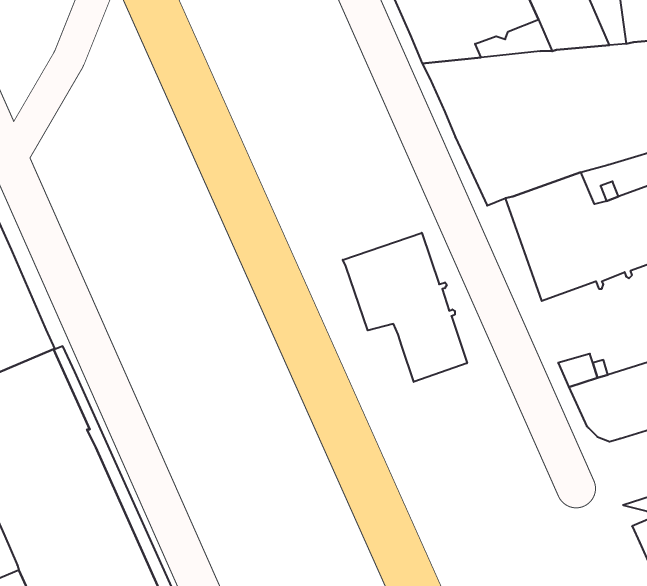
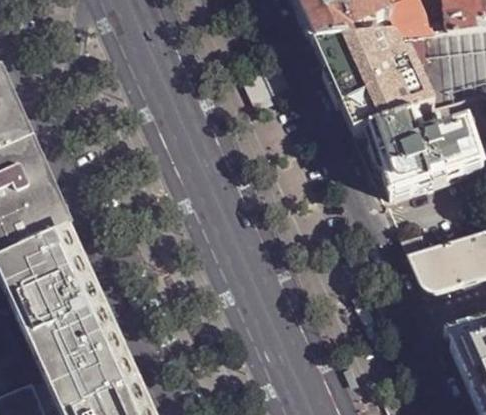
building: [343,233,467,382] -> none

